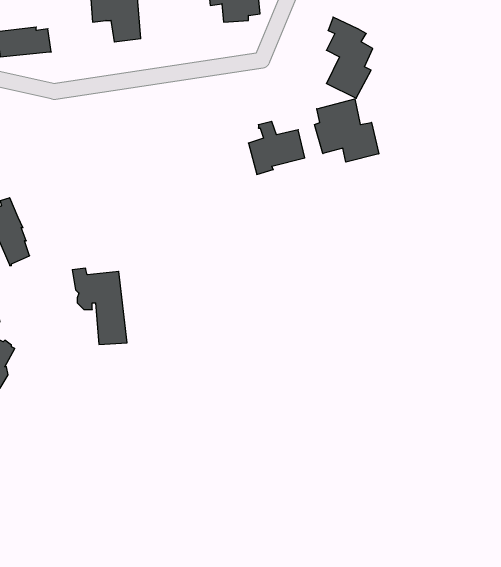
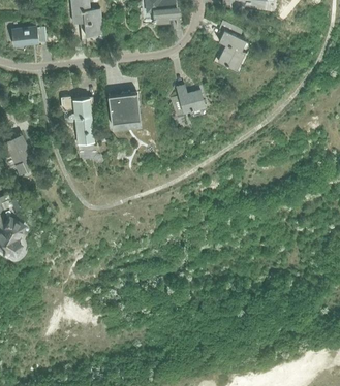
building: [314,99,379,162] -> none
building: none -> [110,94,137,124]
building: [72,268,127,344] -> [61,97,95,144]

